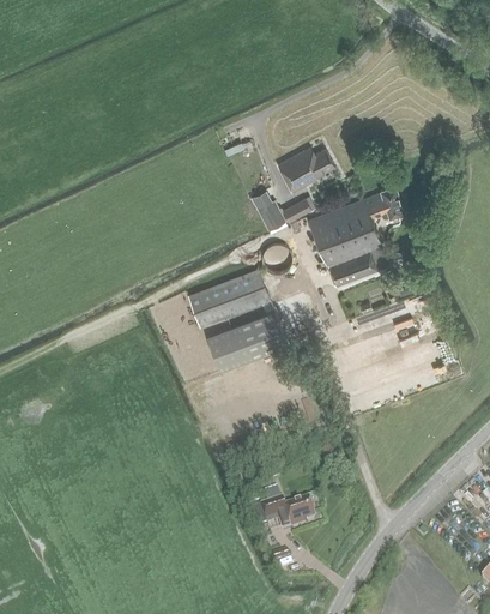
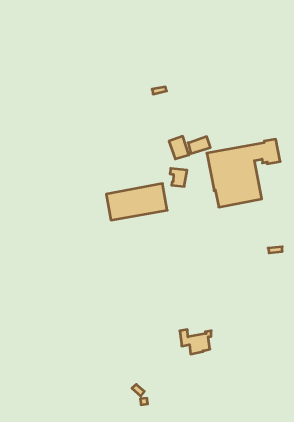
building: [277,146,334,191] -> none
building: [202,309,286,372] -> none
building: [271,493,314,528] -> [180,330,211,354]

